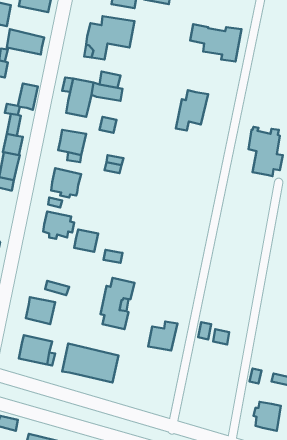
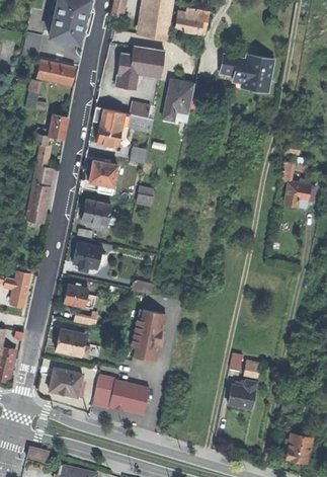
building: [176,90,208,130] -> [163,79,195,120]
building: [74,230,98,252] -> [63,284,87,306]
building: [148,321,177,351] -> [228,379,257,408]

